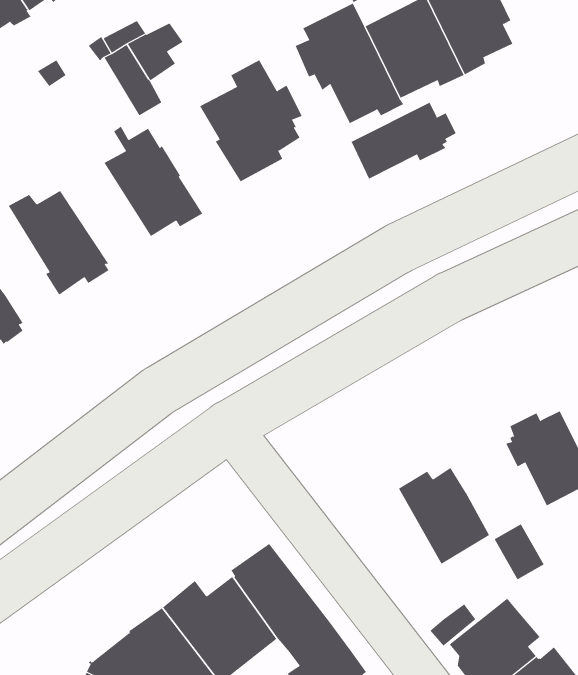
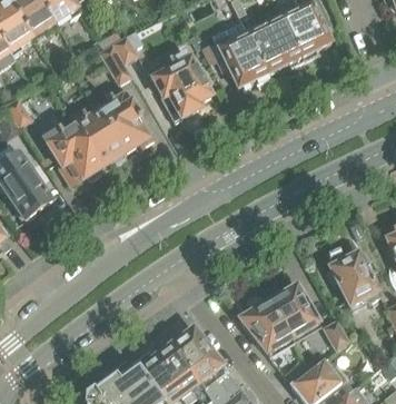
building: [351,102,456,179] -> none
building: none -> [72,110,125,168]
building: none -> [239,296,290,353]

